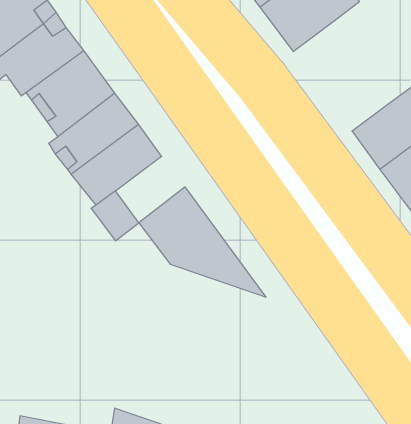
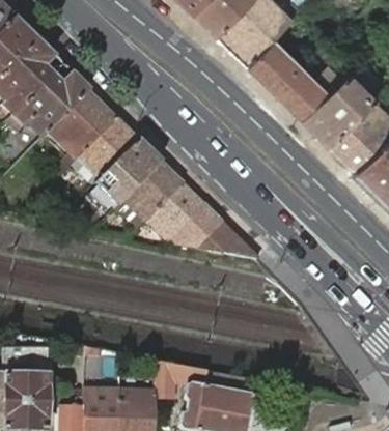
building: none -> [248,39,328,119]
building: none -> [129,162,182,216]

